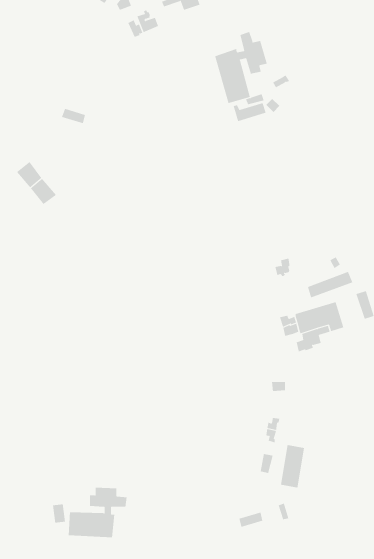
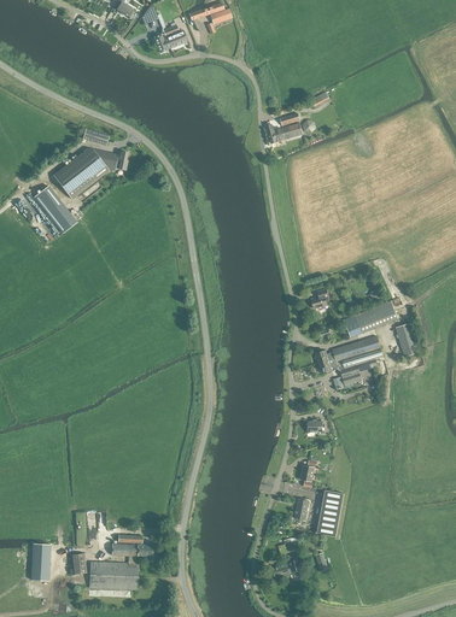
building: [214,31,267,104] -> none
building: none -> [51,147,127,199]
building: none -> [30,542,49,580]

